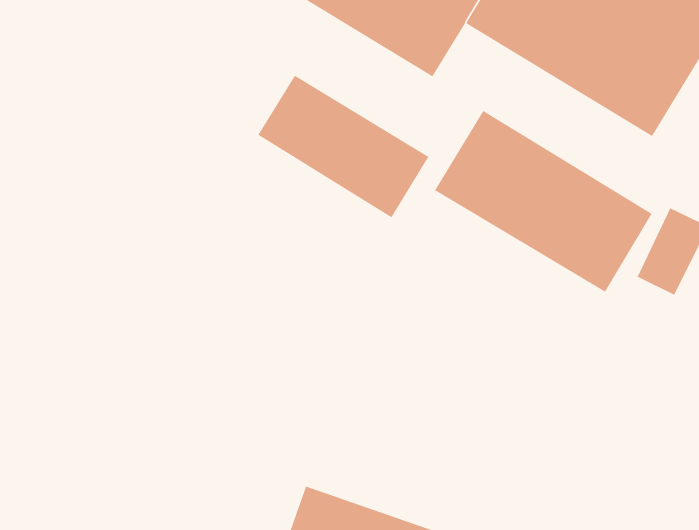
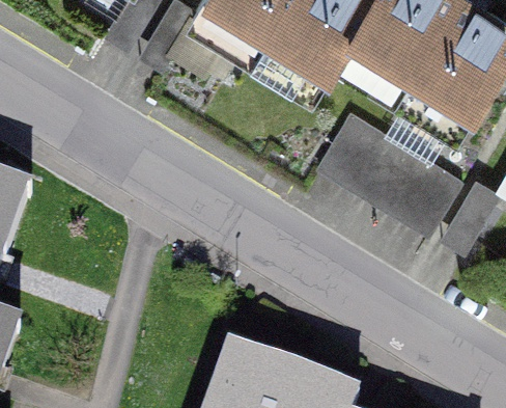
building: [258,75,429,218] -> none

